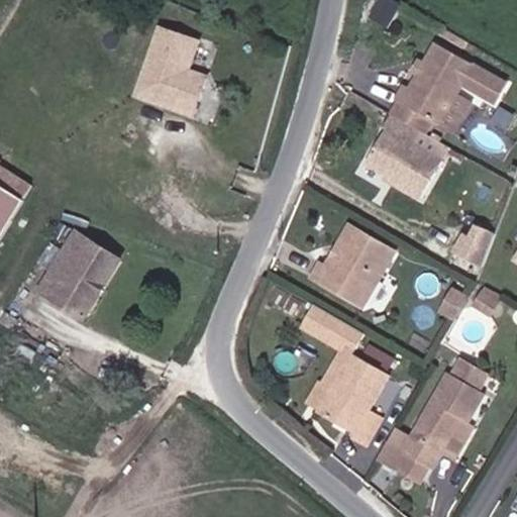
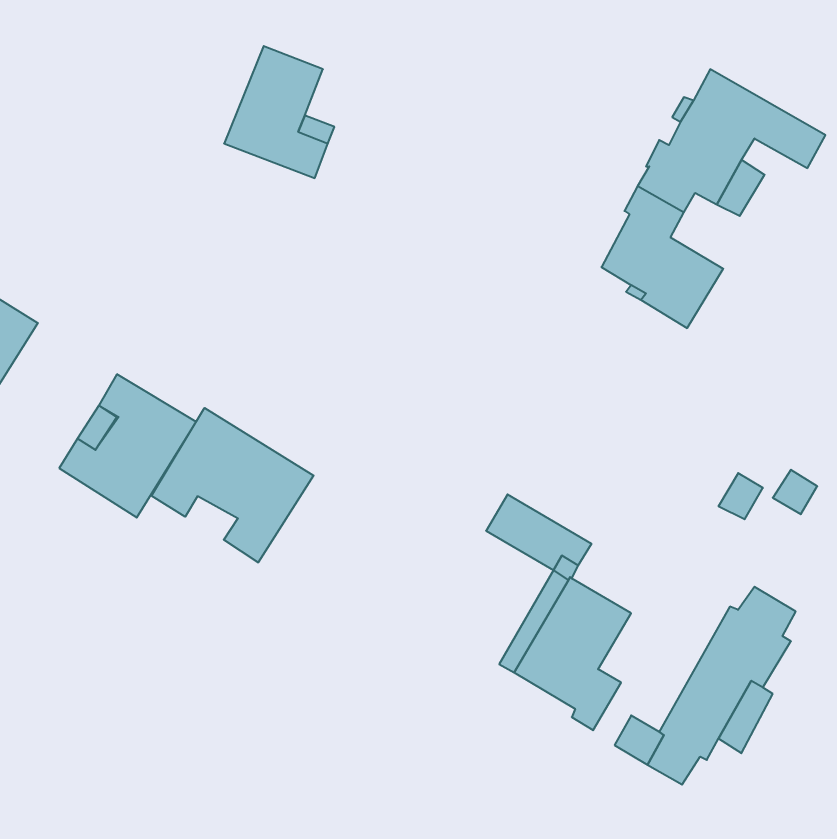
building: [309,225,393,309] -> none
building: [451,227,495,270] -> none
building: none -> [152,408,314,563]

